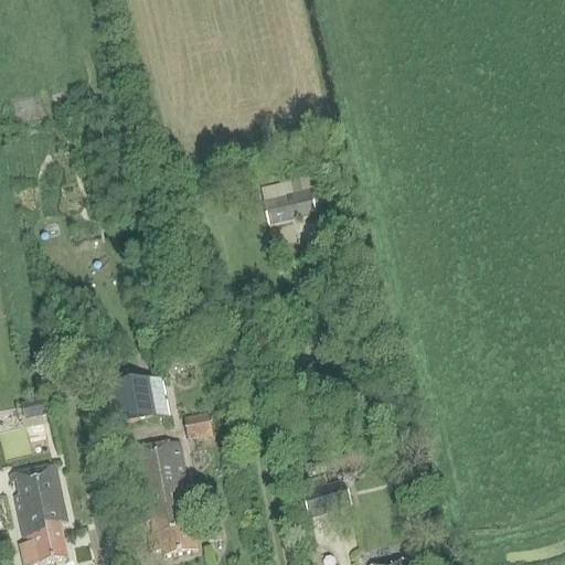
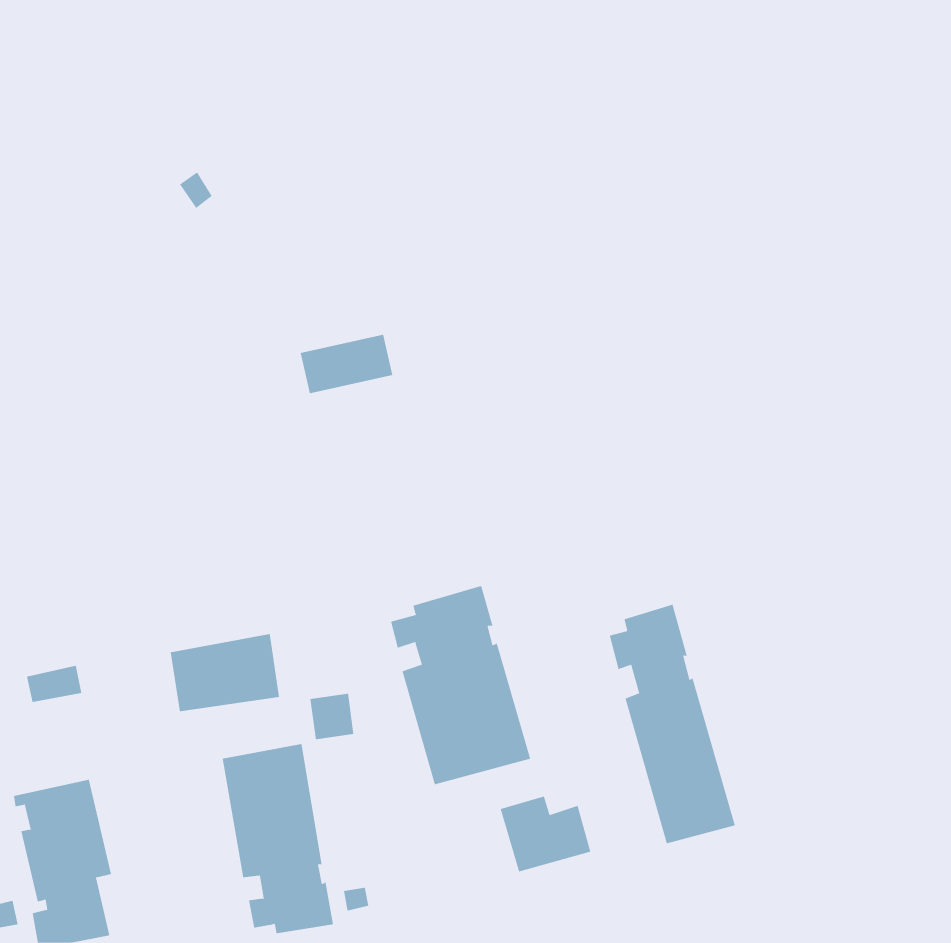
building: [262,189,317,224] -> [300,334,393,394]
building: none -> [391,585,531,785]
building: none -> [609,604,735,844]

